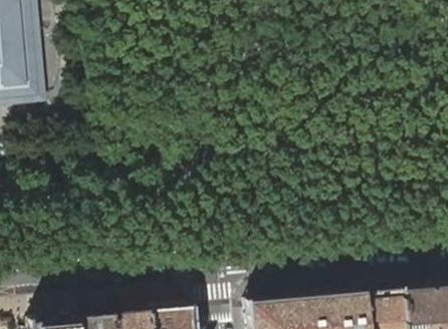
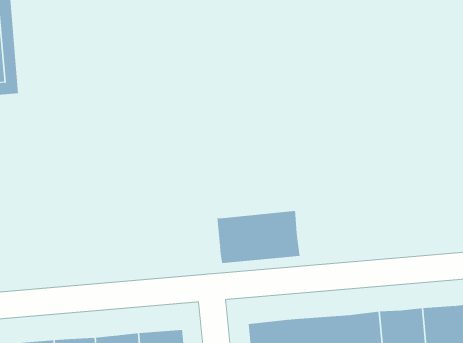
building: none -> [217,210,300,264]

